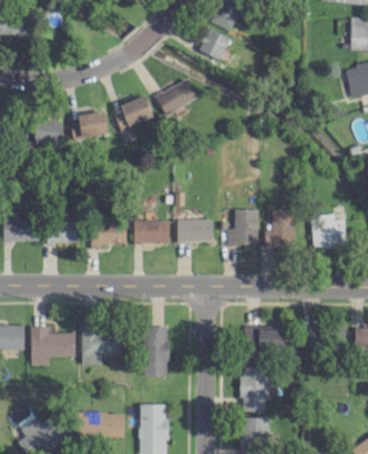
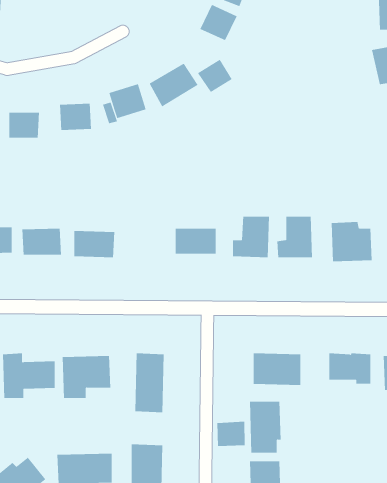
building: none -> [197,59,232,93]
building: [134,220,170,243] -> none
building: none -> [217,421,245,447]

